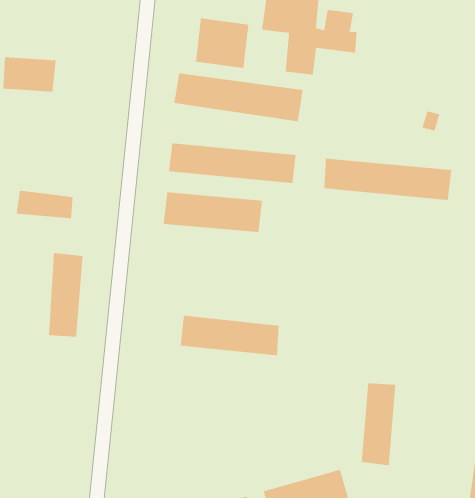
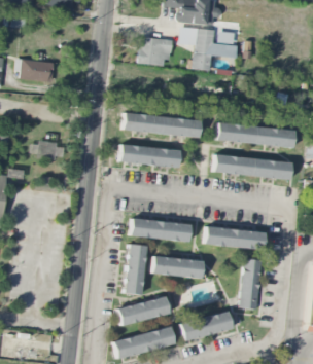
building: [173,73,304,122] -> [213,151,292,181]
building: [48,253,84,337] -> [125,243,146,294]
building: none -> [205,225,265,249]
building: none -> [152,255,203,278]
building: none -> [117,296,169,324]

